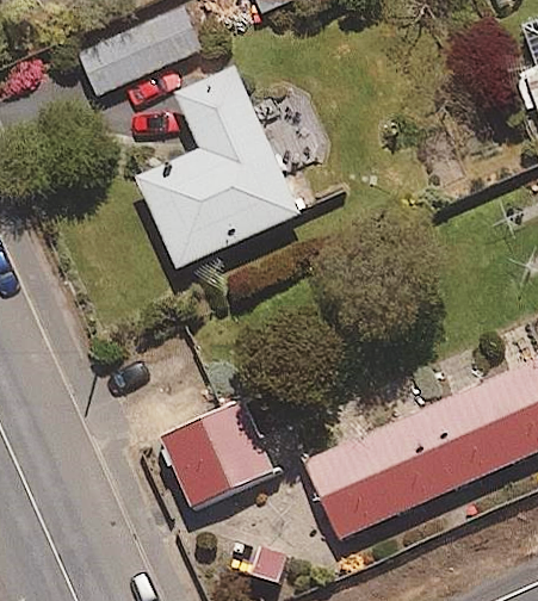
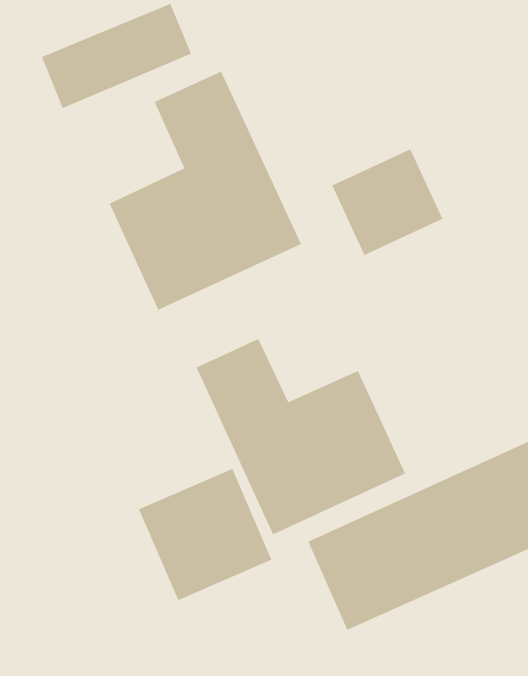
building: none -> [331,149,443,256]
building: none -> [196,338,406,535]

